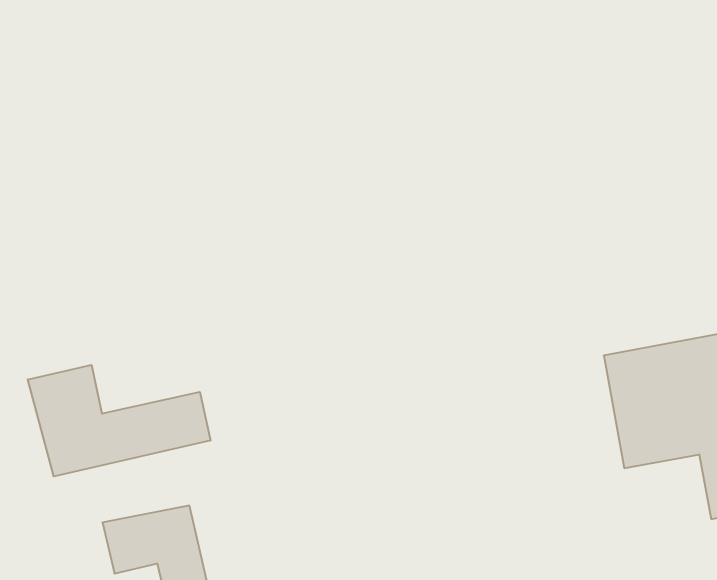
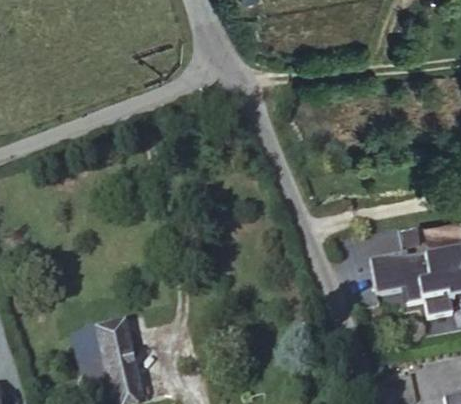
building: [28,365,210,476] -> none

